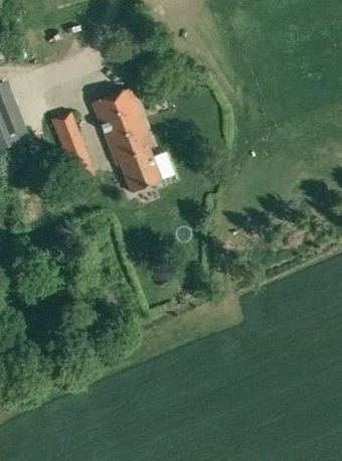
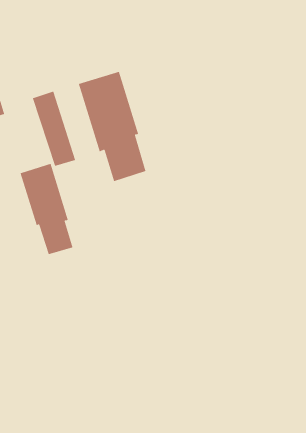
building: none -> [20,163,74,255]

